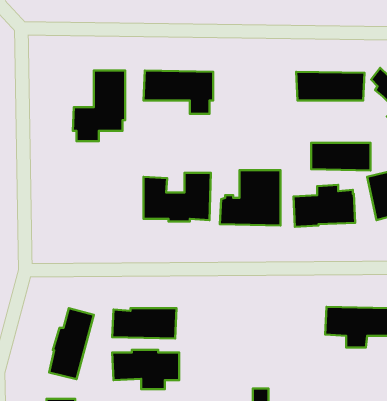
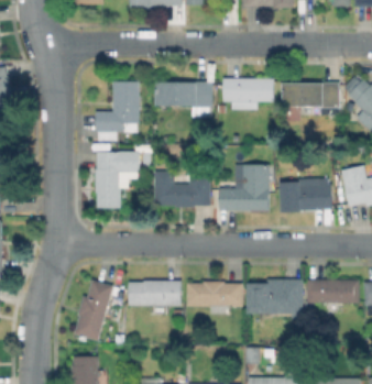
building: [311,143,370,170] -> [223,79,273,102]
building: none -> [95,153,136,208]
building: none -> [248,279,303,319]
building: [112,350,179,389] -> [186,282,242,315]

